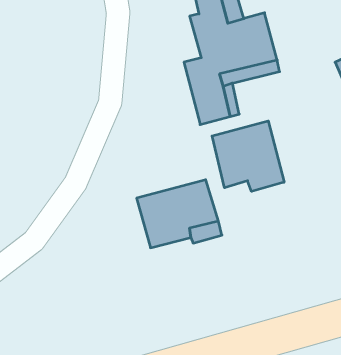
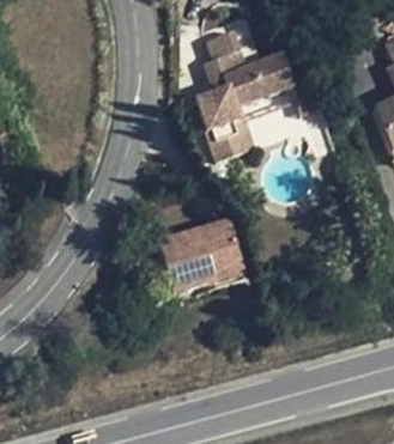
building: [212,121,284,191] -> none

